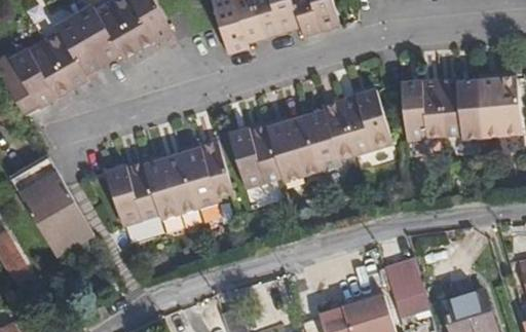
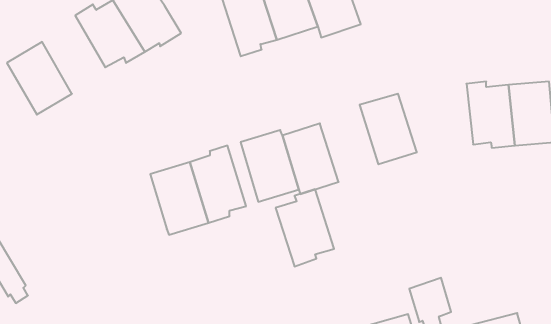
building: [42,16,101,89] -> none
building: [401,80,444,140] -> none
building: [301,100,355,172] -> [276,189,334,266]
building: [104,160,158,227] -> none
building: [12,162,93,258] -> none

